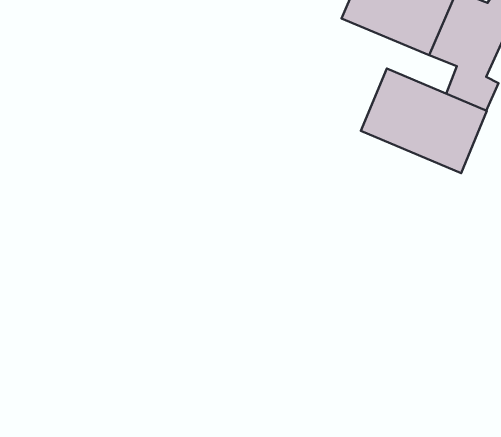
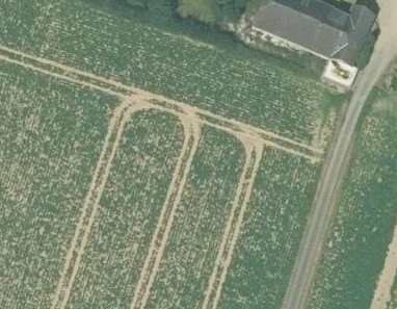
building: [361,69,487,173] -> none

